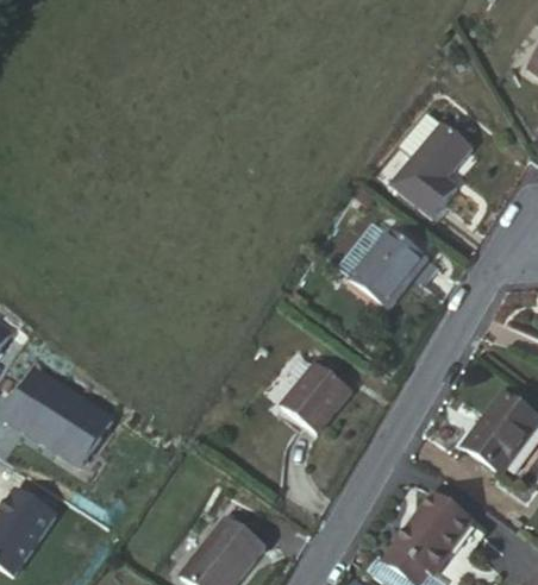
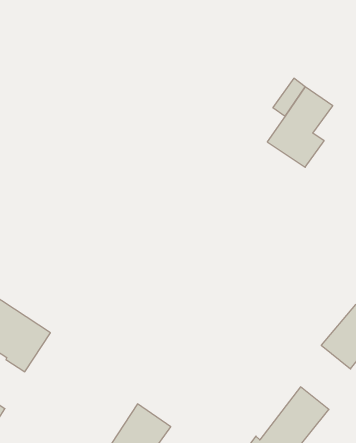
building: [344,221,443,306] -> none
building: [282,365,356,440] -> none

